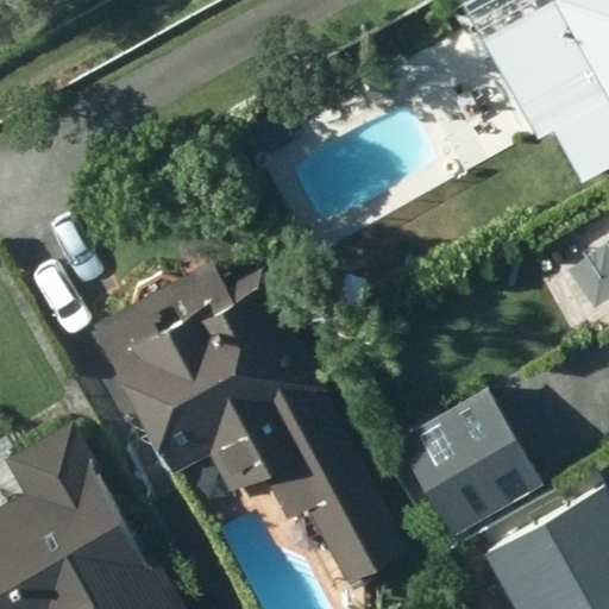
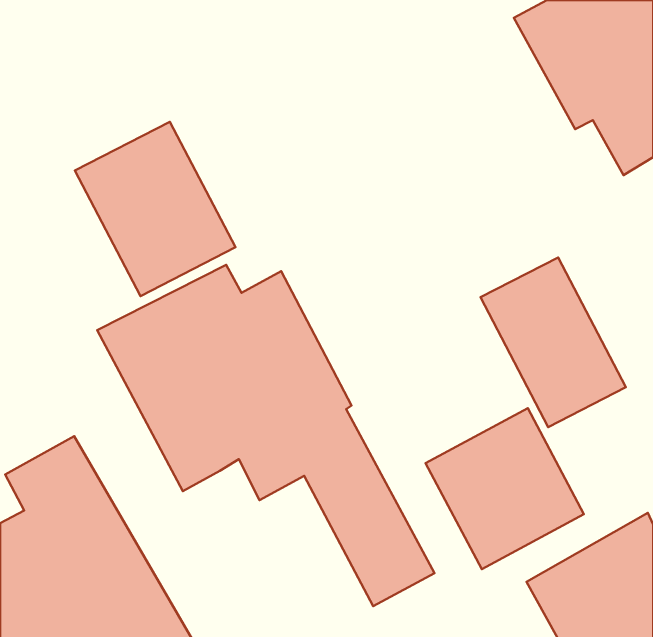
building: none -> [75,122,235,296]
building: none -> [480,257,626,427]

